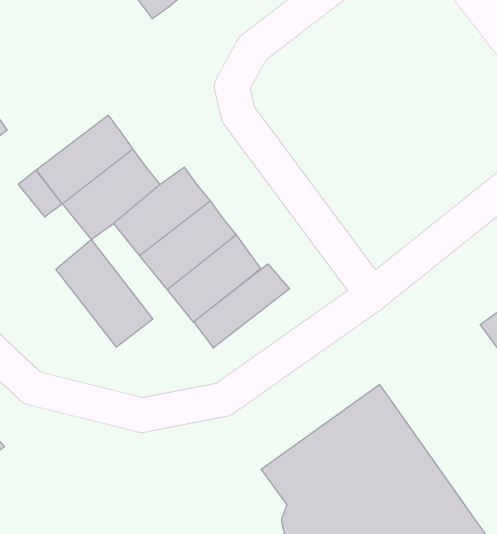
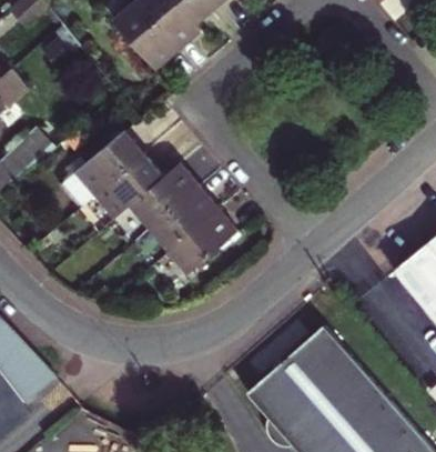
building: [56,239,153,347] -> none
building: [194,264,290,348] -> none

